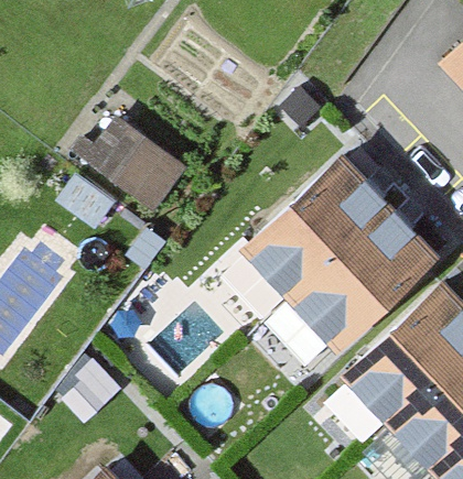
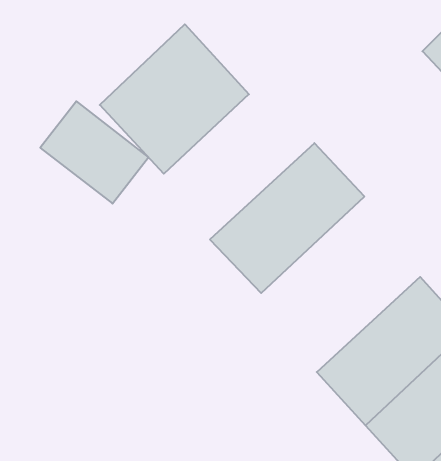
building: none -> [100,24,249,174]
building: [290,207,439,352] -> none

